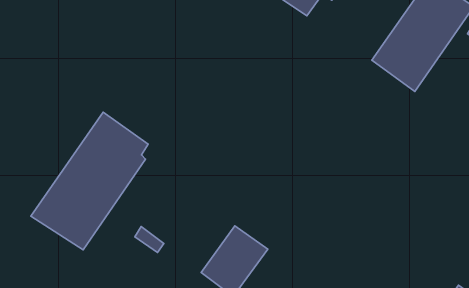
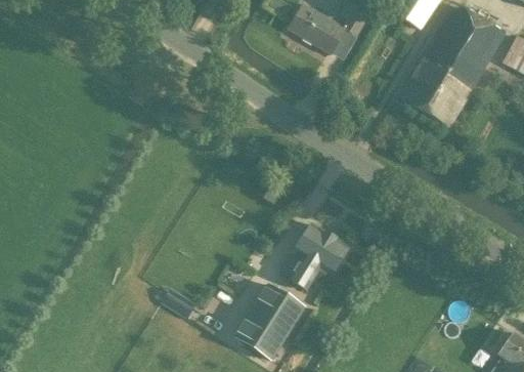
building: [31,112,148,250] -> none
building: none -> [290,223,350,289]

